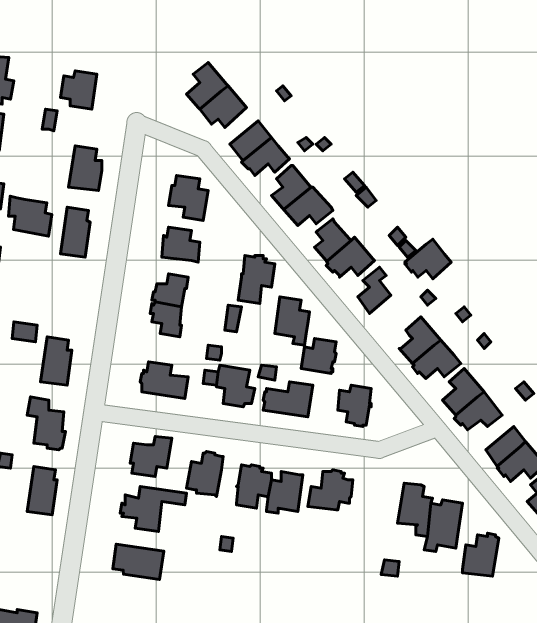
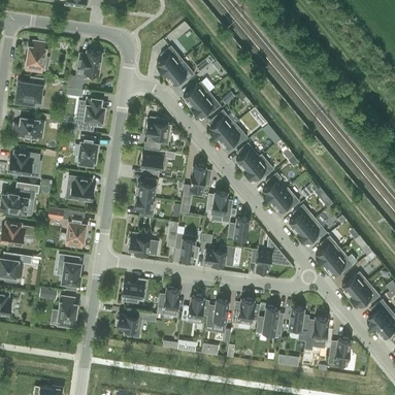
building: [9,196,52,236] -> [67,176,94,201]
building: [405,239,451,279] -> [270,188,299,212]
building: none -> [256,306,283,335]
building: [113,544,164,579] -> none

